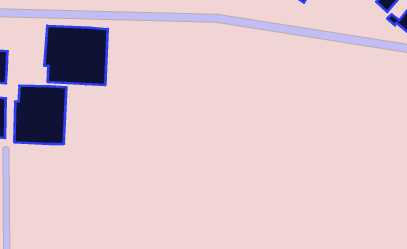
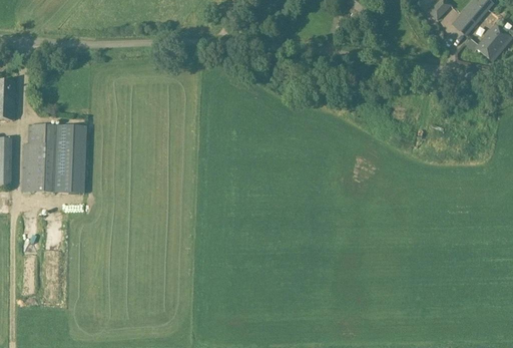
building: [44,26,108,85] -> none

